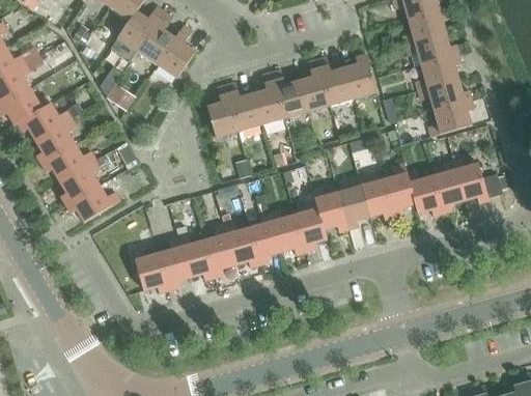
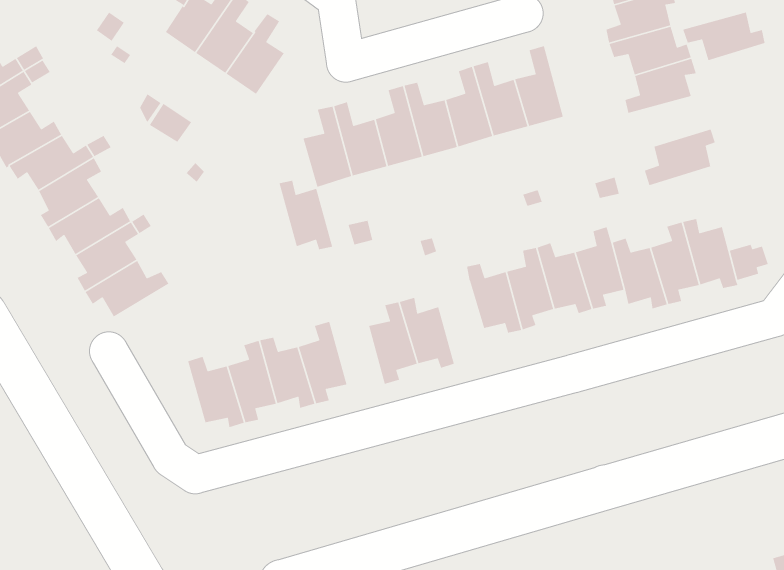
building: [417,79,471,111] -> [682,11,766,61]
building: [295,198,327,252] -> none
building: [224,222,259,267] -> [279,180,333,250]

